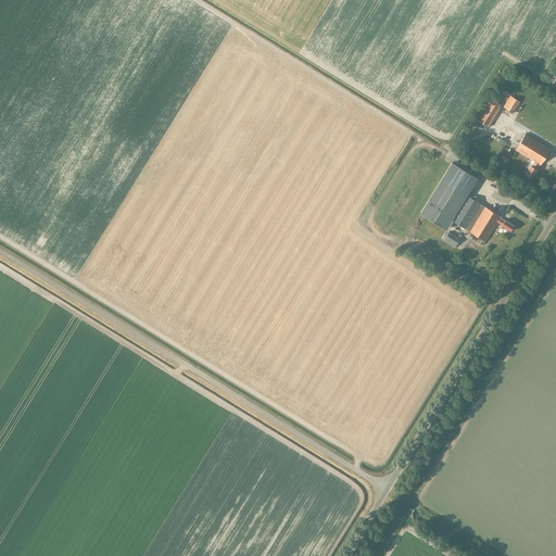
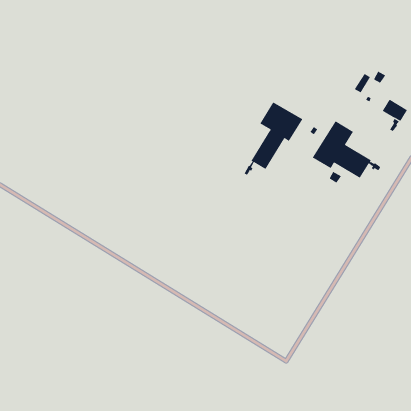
building: none -> [244,102,303,176]

